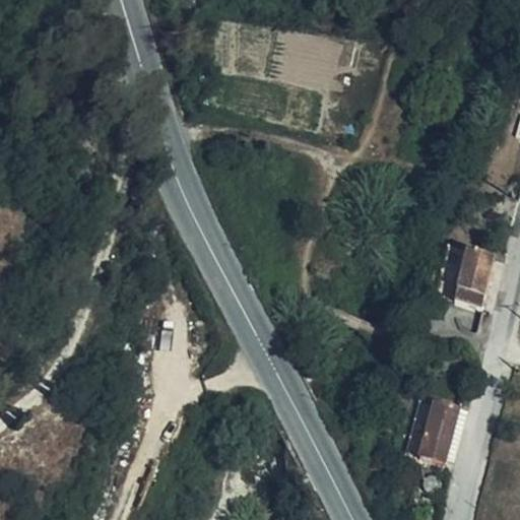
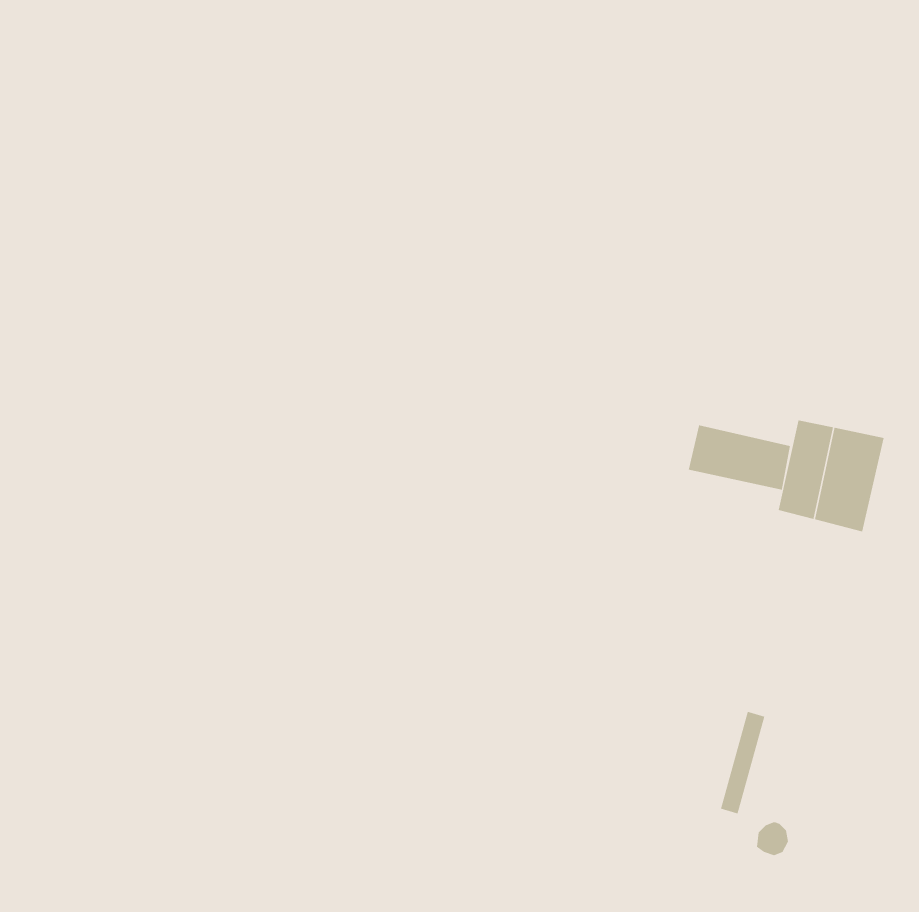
building: none -> [688,424,791,491]
building: [421,398,459,458] -> none

